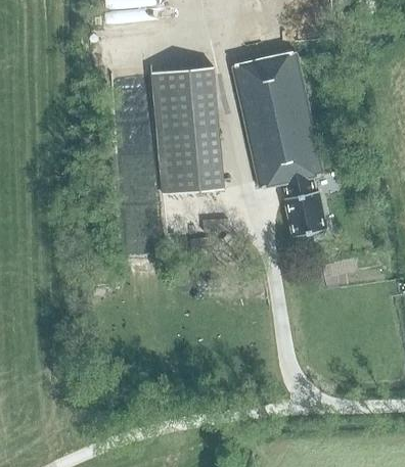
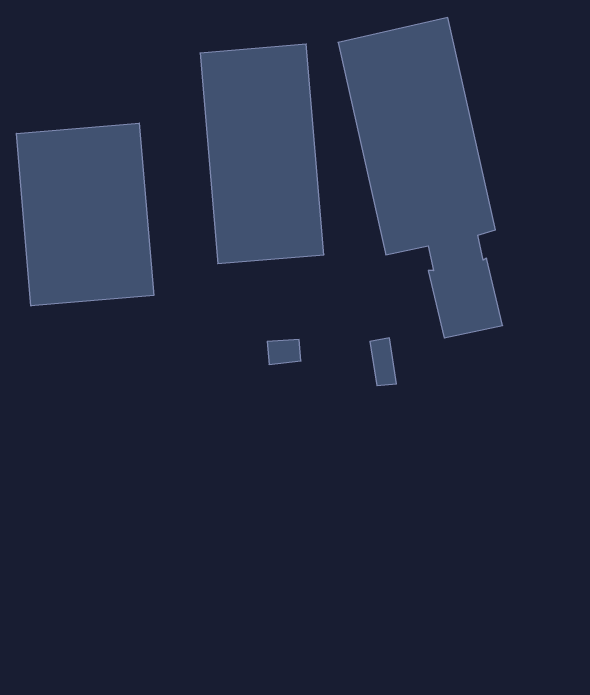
building: none -> [16,123,154,306]

